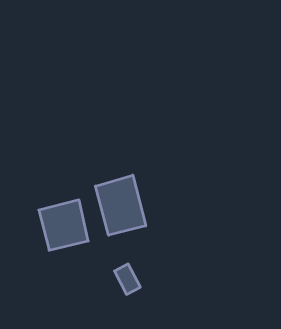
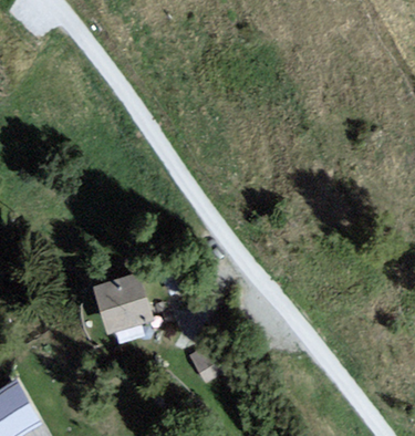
building: [95,175,146,235] -> none

